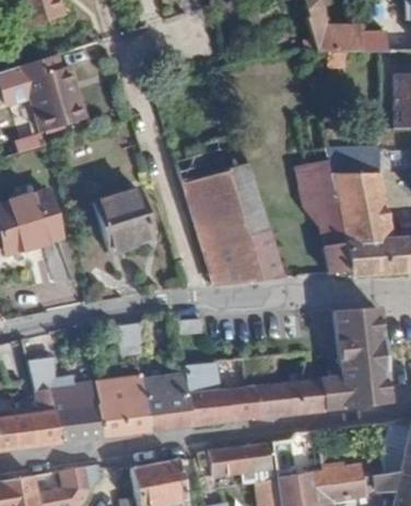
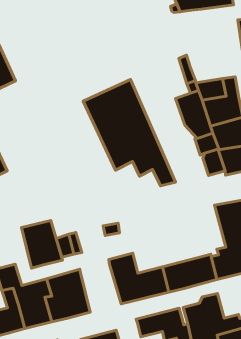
building: [95,185,154,249] -> none
building: [206,242,262,284] -> none
building: [141,375,190,435] -> [21,221,62,268]

